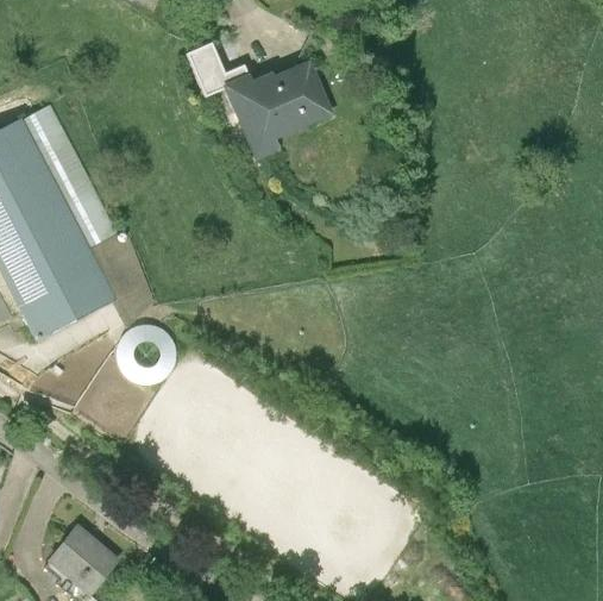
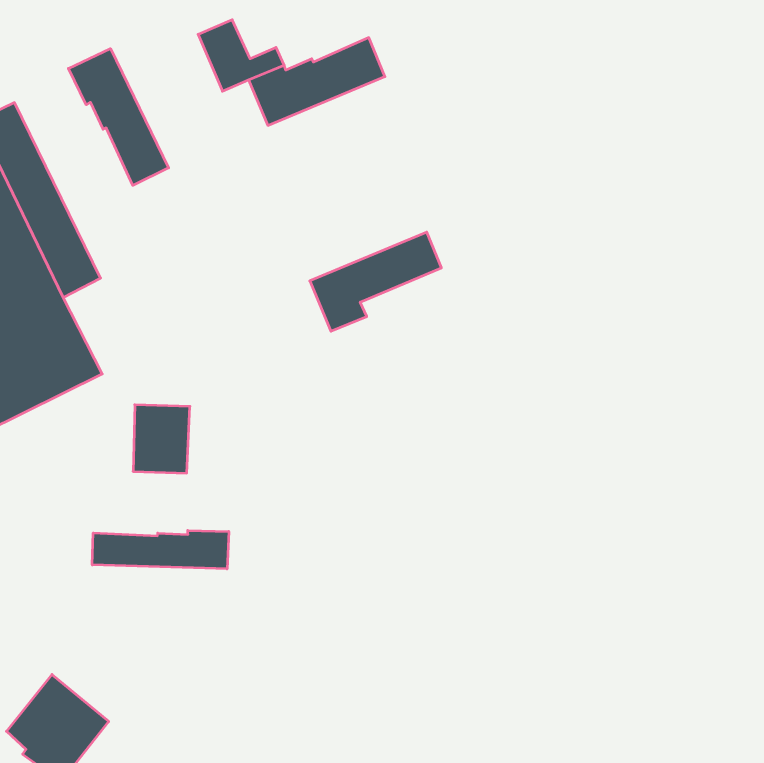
building: none -> [68,49,169,185]
building: [237,84,333,157] -> [310,232,441,331]
building: none -> [92,530,229,569]

